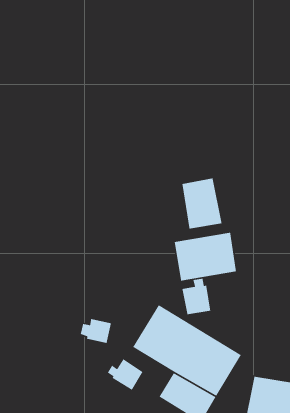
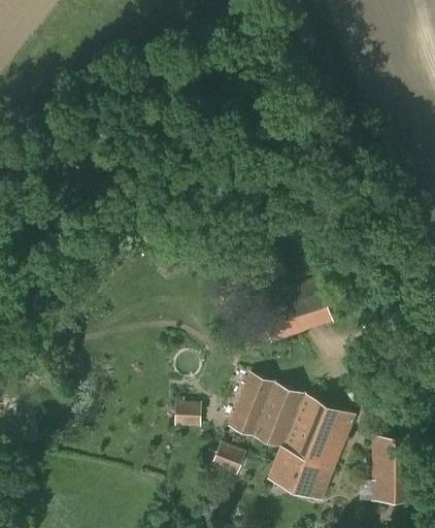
building: [182,177,222,230] -> none
building: [181,278,211,315] -> none

